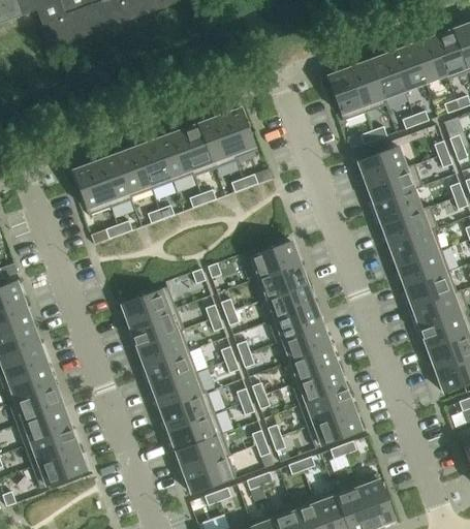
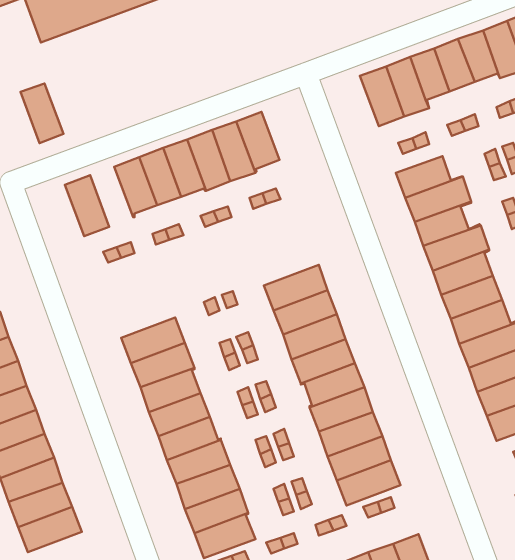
building: [94,155,131,207] -> [20,83,64,143]

